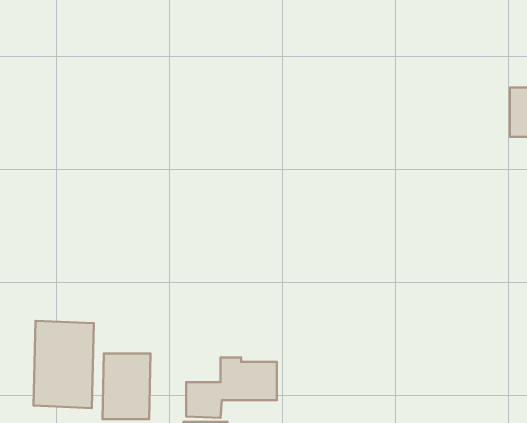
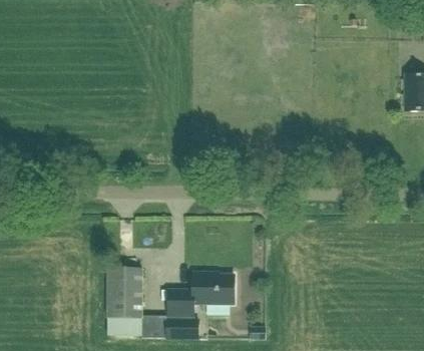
building: [34,321,94,408] -> none

